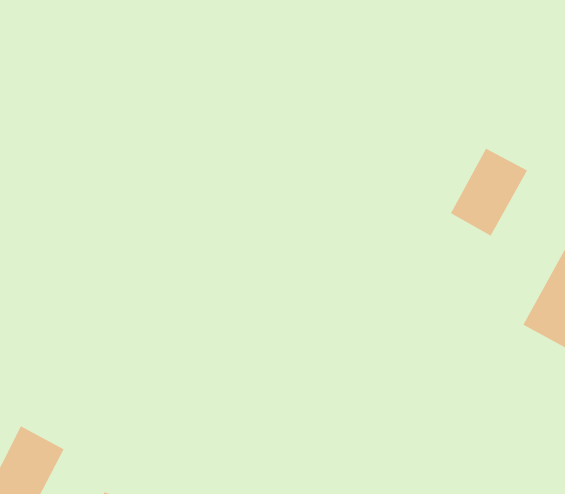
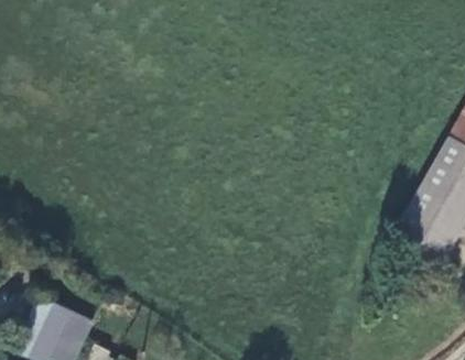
building: [450,148,528,237] -> none

